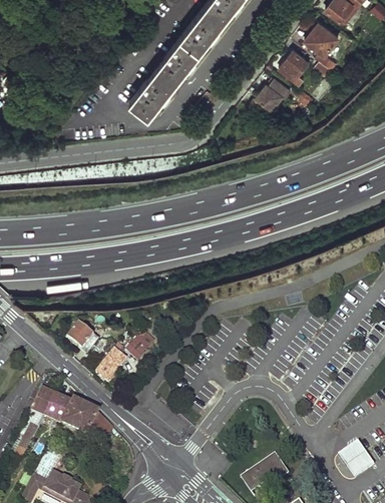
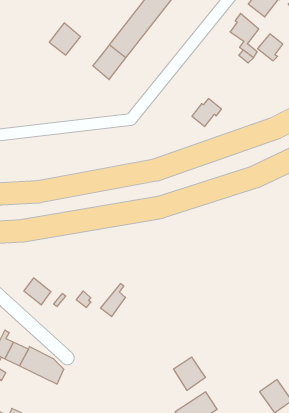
building: [279,49,308,80] -> [258,34,283,61]
building: [256,76,290,108] -> [192,99,221,126]
building: [129,78,165,115] -> [49,23,81,55]
building: [96,342,125,380] -> [100,284,126,317]
building: none -> [174,357,205,390]

